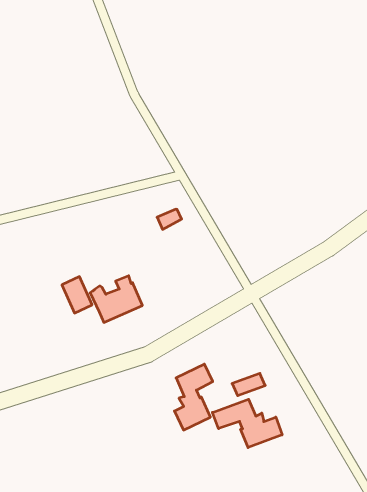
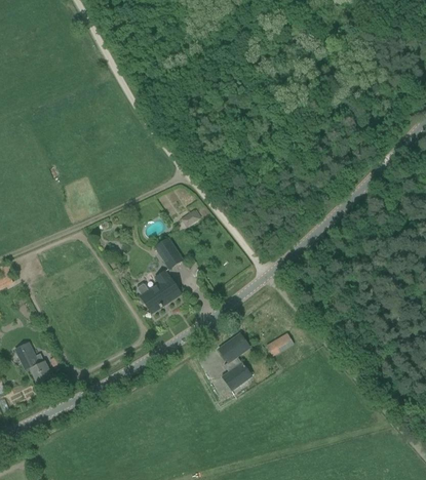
building: [62,277,92,313] -> [154,238,182,269]
building: [212,399,282,448] -> none

